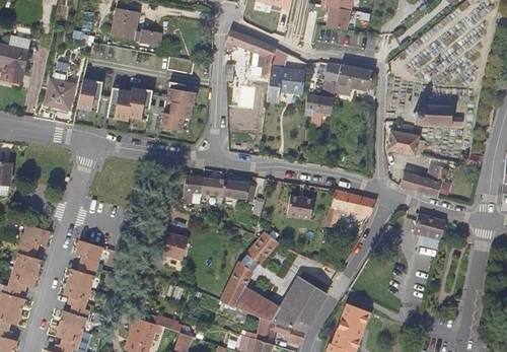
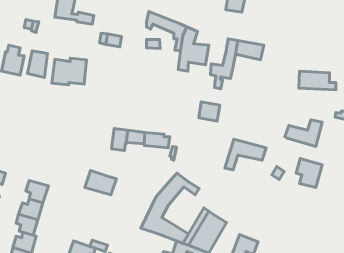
building: [161,81,196,130] -> none
building: [387,123,425,156] -> none
building: [287,194,313,218] -> [199,102,220,121]

